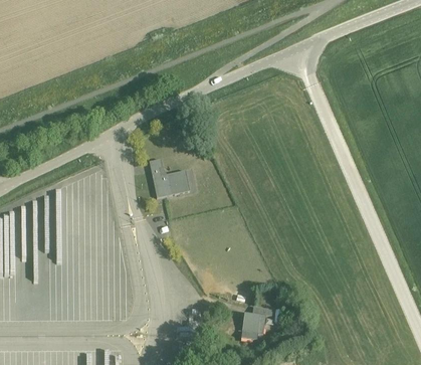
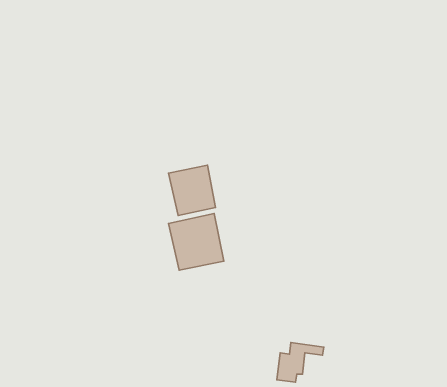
building: none -> [168,214,224,270]

